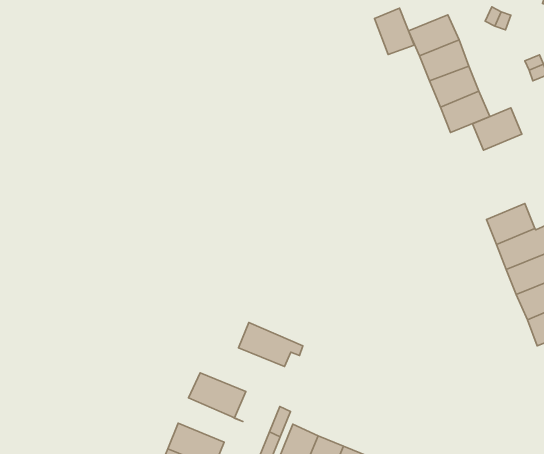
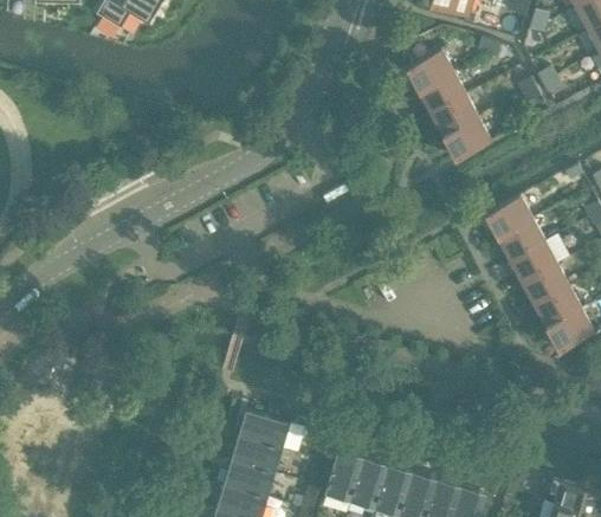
building: [374,8,414,55] -> none
building: [472,108,522,150] -> [485,196,532,239]
building: [238,322,303,367] -> [230,437,290,474]

